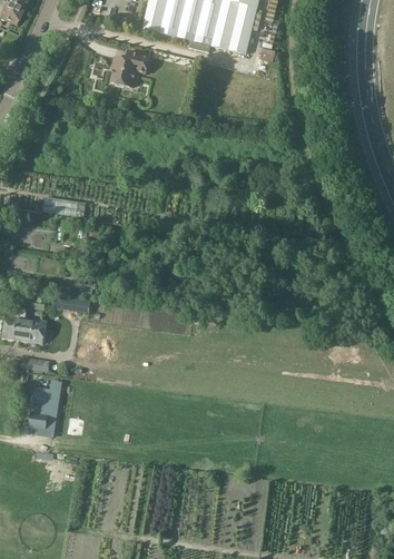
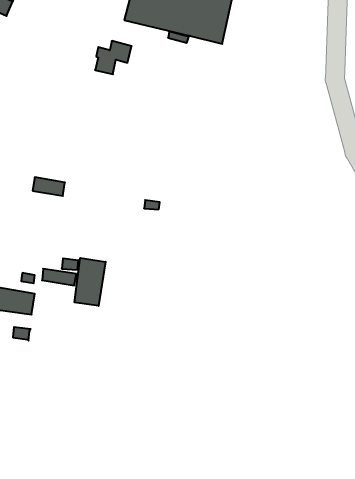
building: none -> [75,258,106,306]
building: [29,382,61,437] -> none

